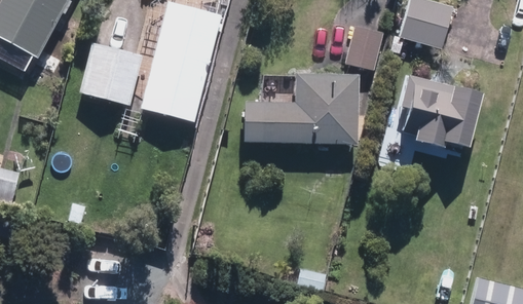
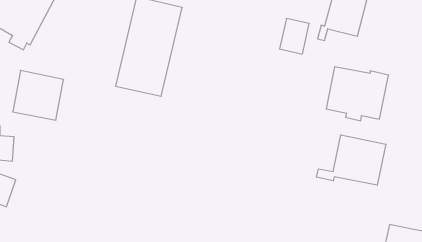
building: [79,43,141,104] -> [13,70,64,120]
building: [244,73,359,144] -> none
building: none -> [317,135,386,185]

